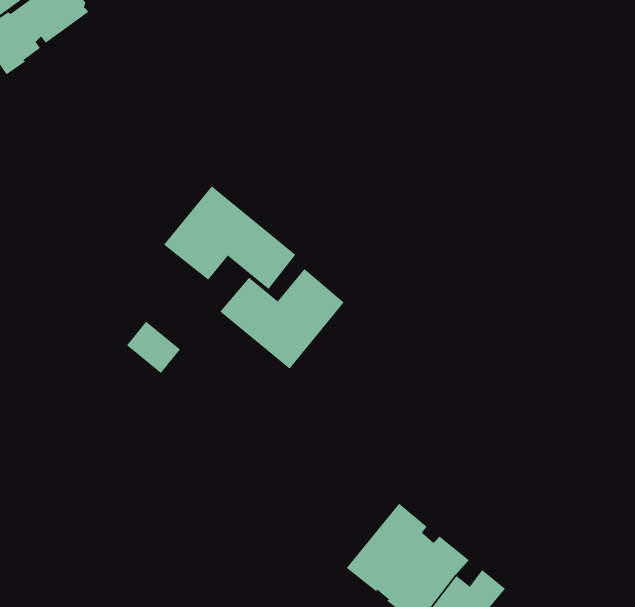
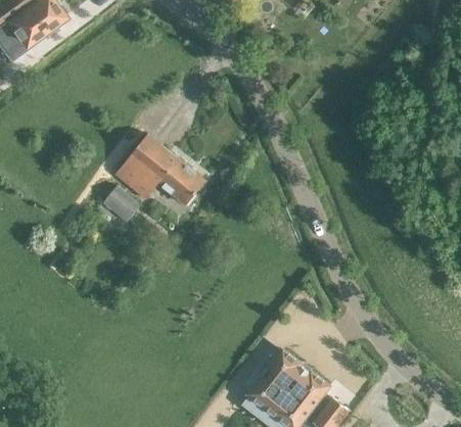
building: [219,268,344,369] -> none
building: [126,321,181,374] -> [102,186,139,222]

